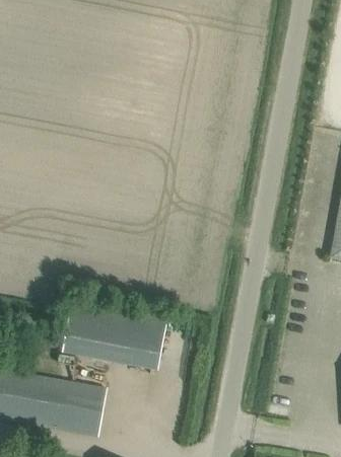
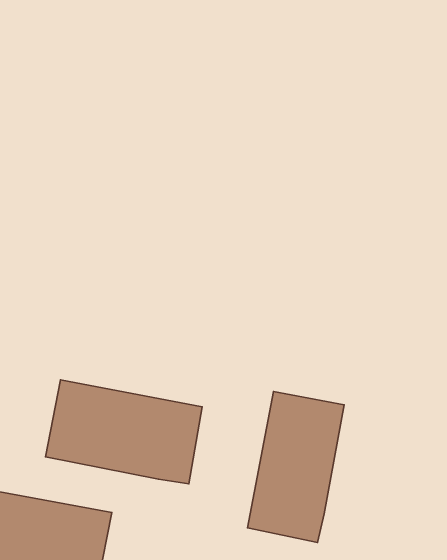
building: none -> [247,392,344,543]

